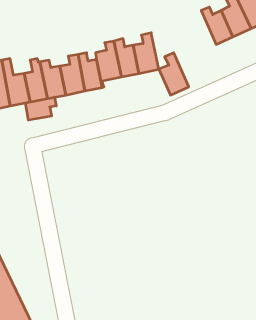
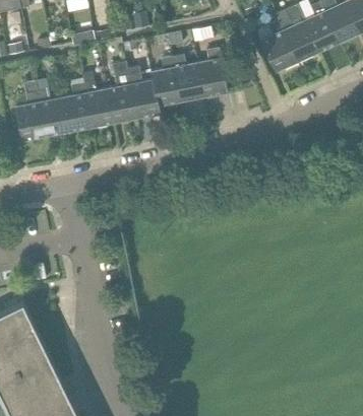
building: [159,53,189,95] -> [261,20,298,72]
building: [26,97,56,120] -> none

